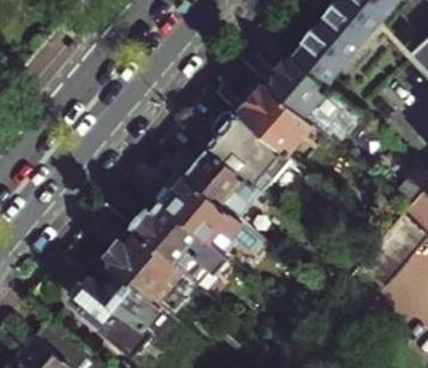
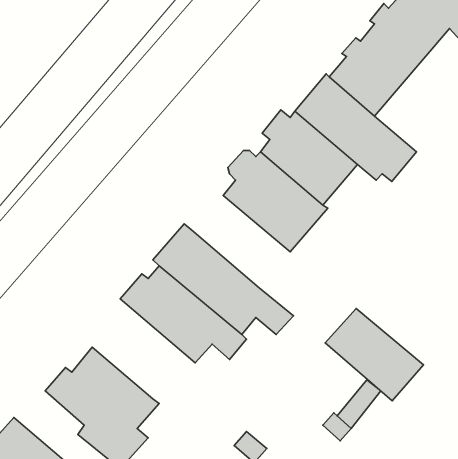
building: [182,152,257,222] -> [325,309,423,401]
building: [103,231,192,308] -> none

